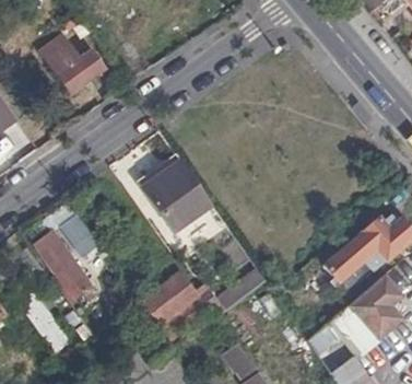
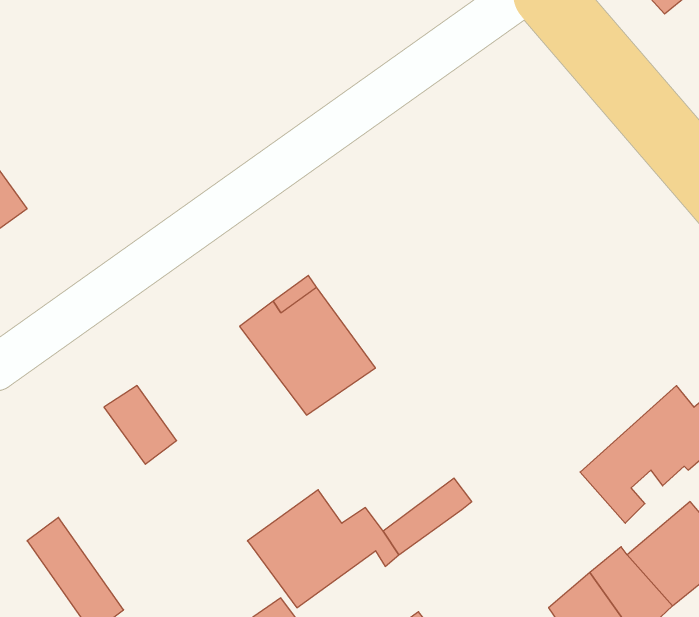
building: [43,36,104,89] -> none
building: [35,232,95,301] -> none

